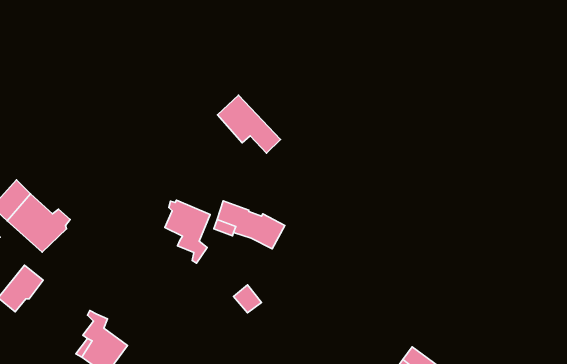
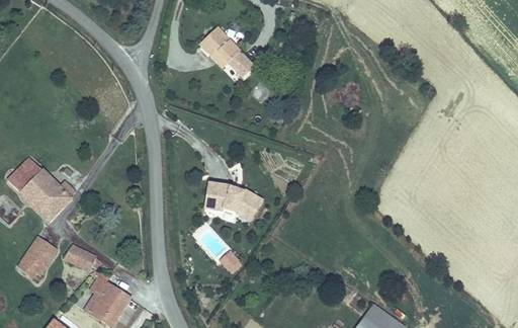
building: [218,95,281,153] -> [195,29,250,80]
building: [165,200,210,263] -> none
building: none -> [61,242,97,270]

